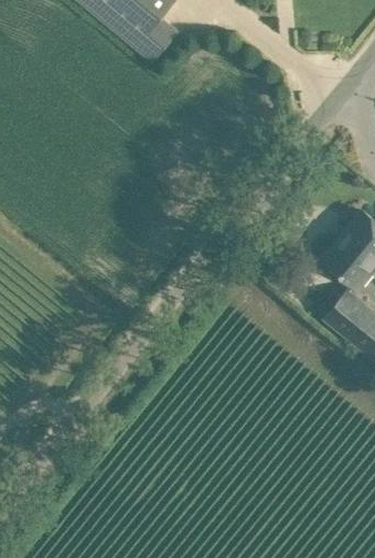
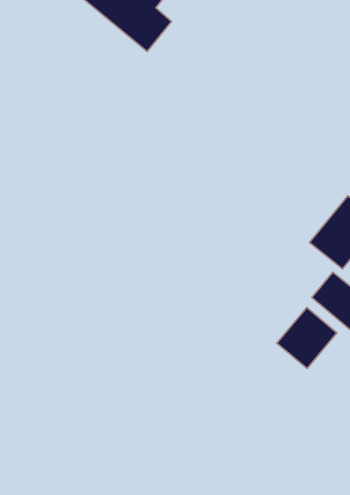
building: none -> [277,307,337,369]

